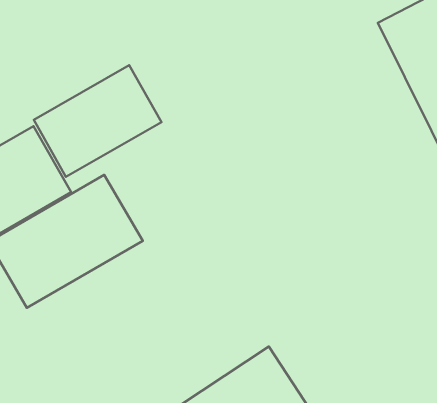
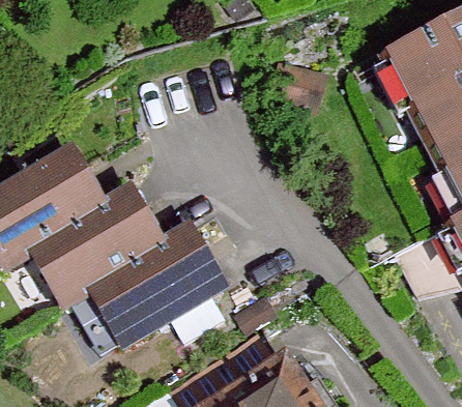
building: [34,65,161,177] -> none
building: none -> [92,231,233,353]

